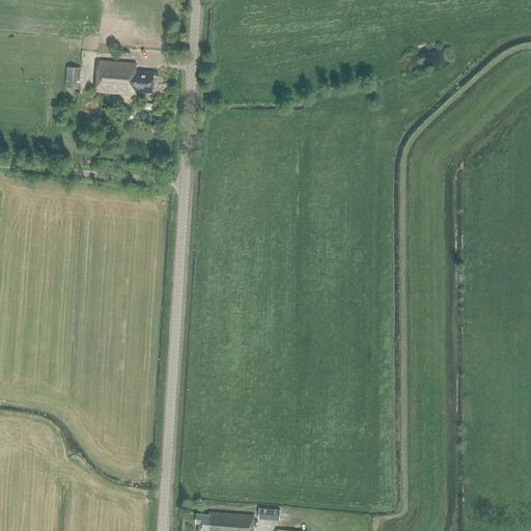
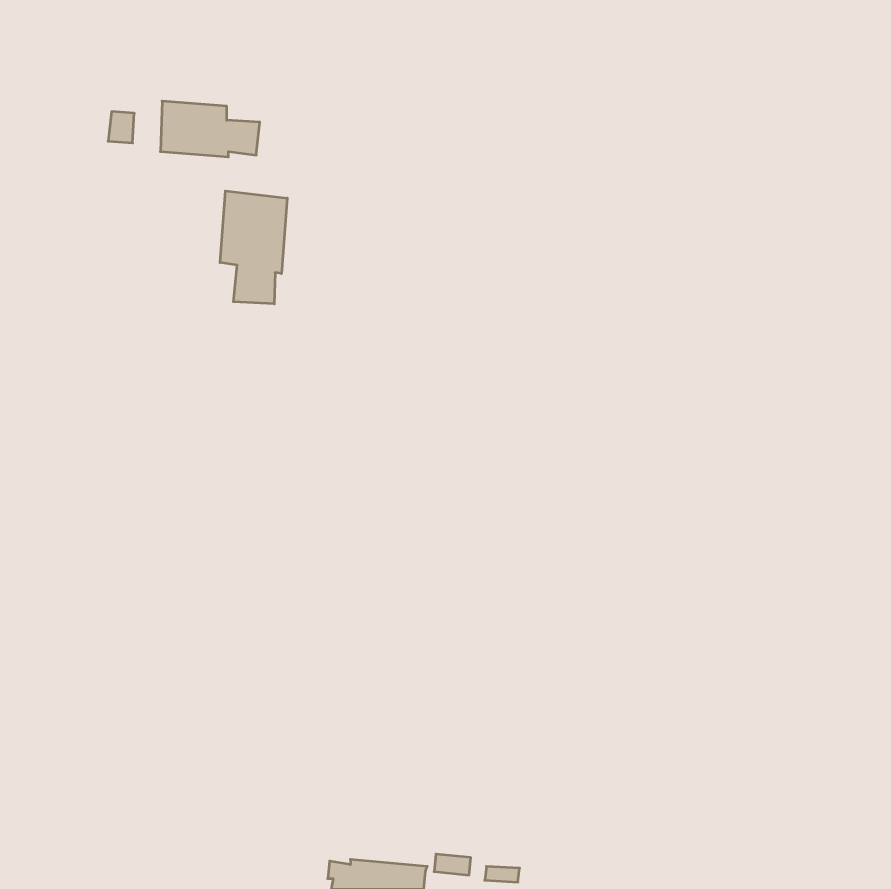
building: none -> [220,191,287,304]

